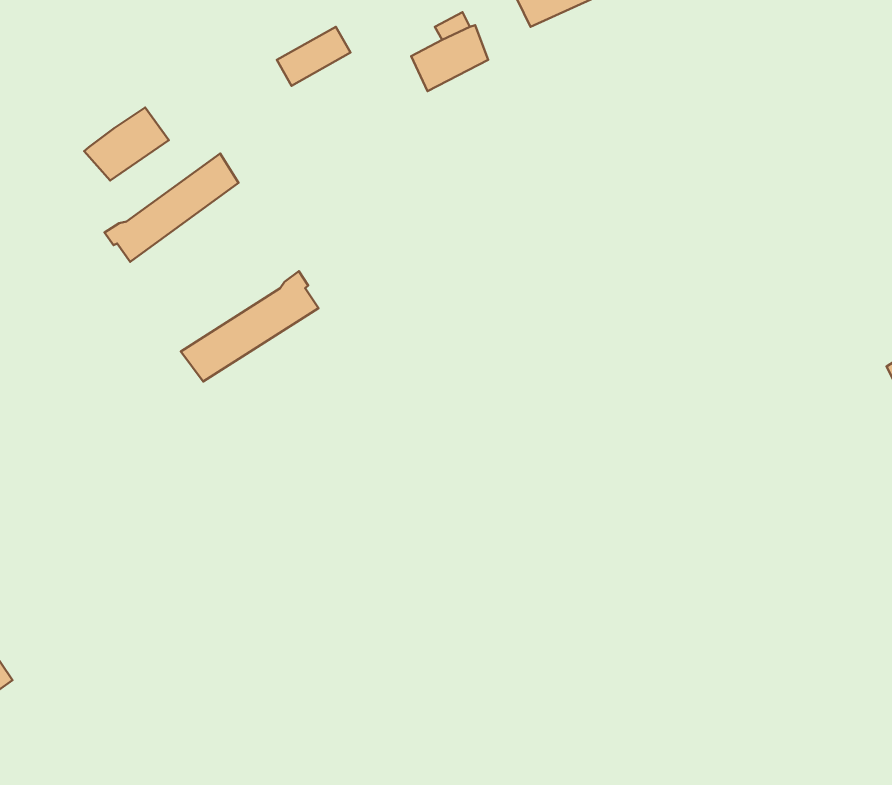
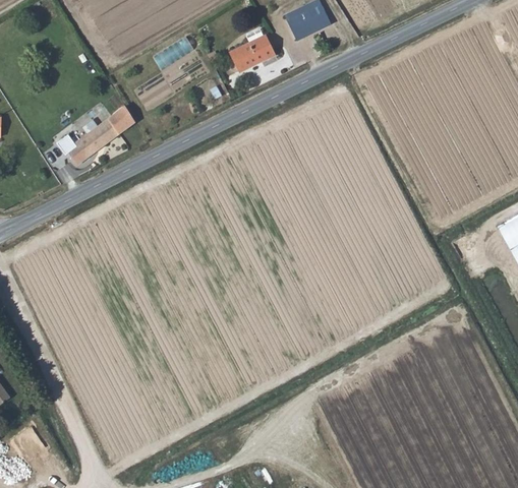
building: [84,108,169,180] -> none
building: [181,271,318,382] -> none

